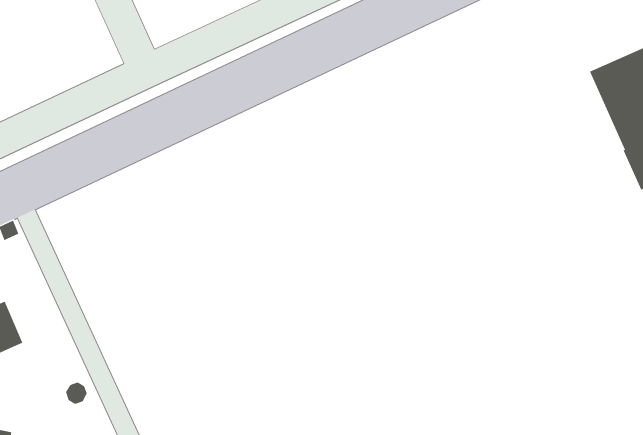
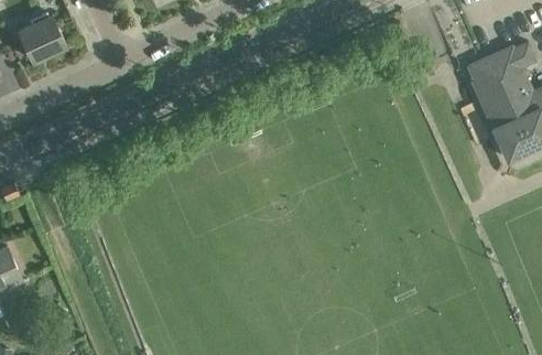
building: none -> [19,17,66,62]

